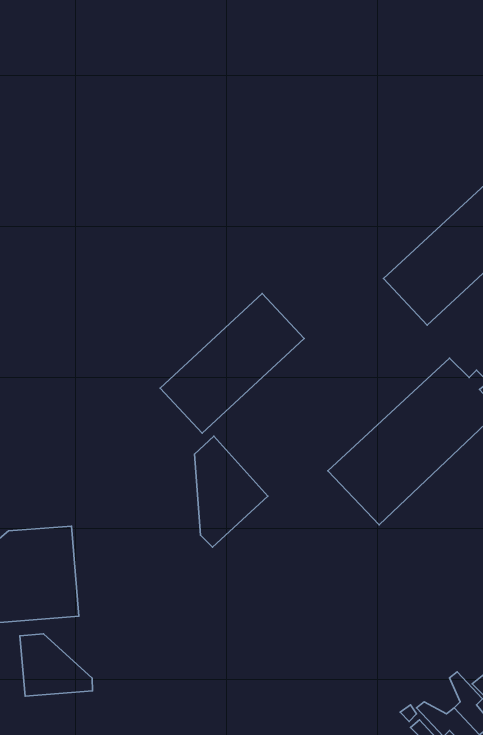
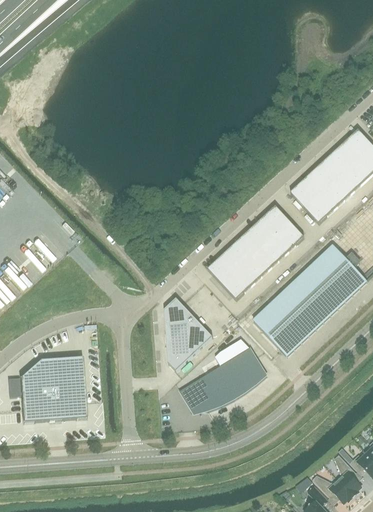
building: [160,294,304,433] -> [208,206,304,299]
building: none -> [180,339,266,410]
building: [20,634,92,696] -> none

